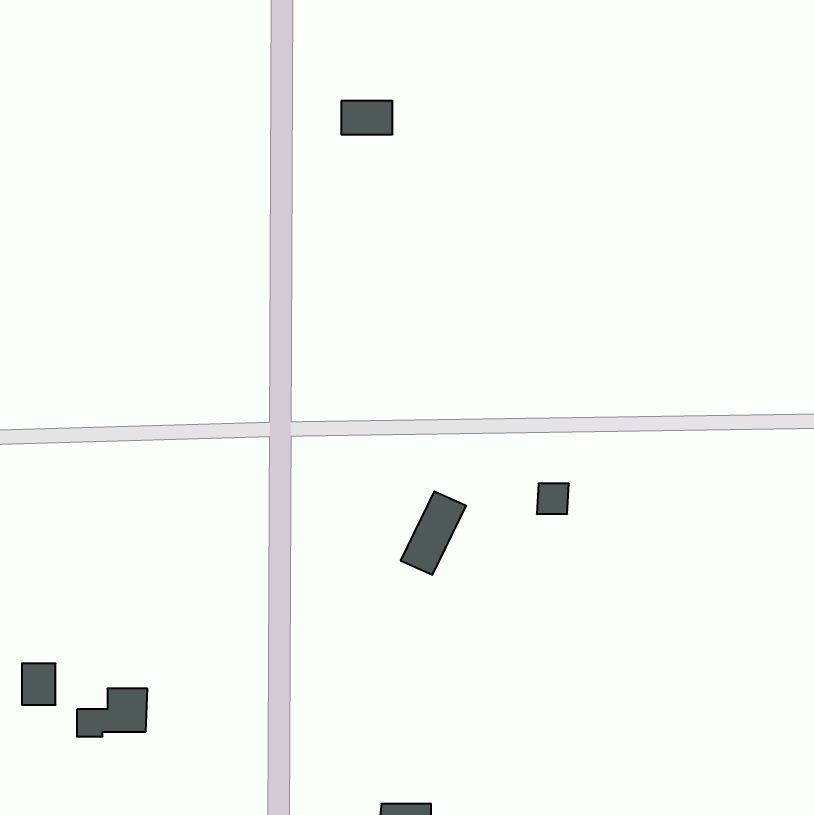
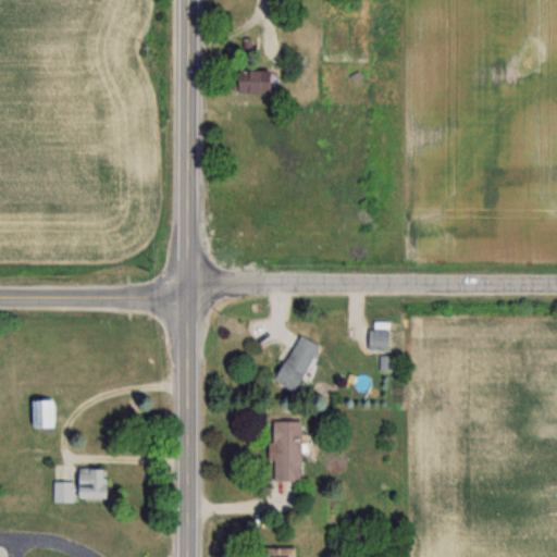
building: none -> [275,422,302,481]
building: [22,663,56,705] -> [32,400,54,429]

